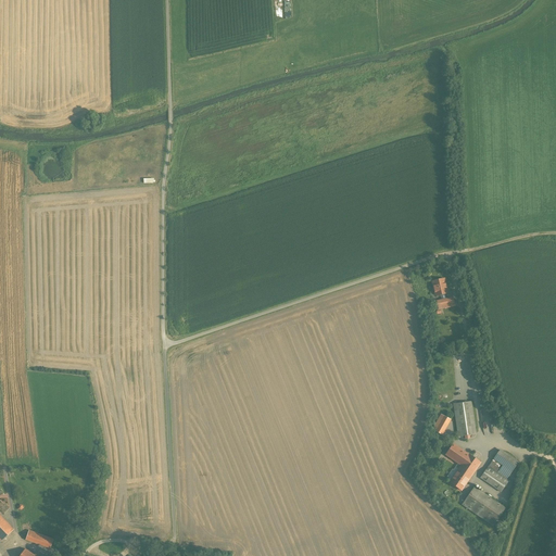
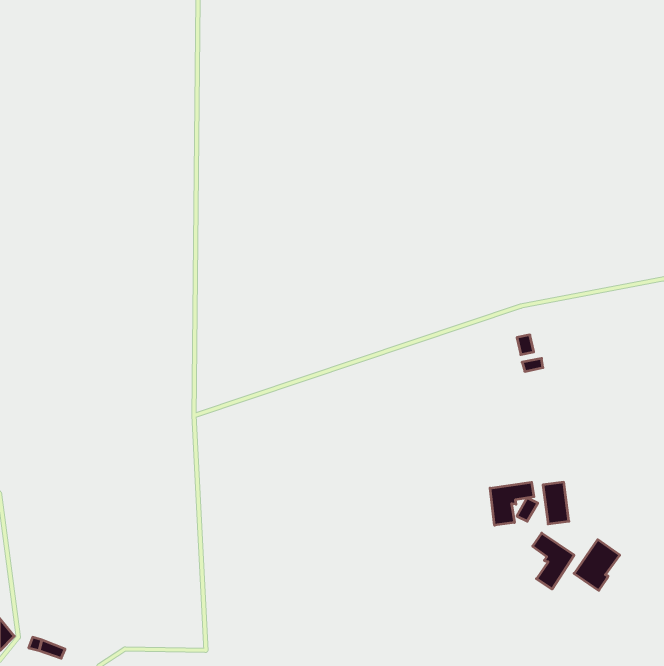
building: none -> [490,482,534,525]
building: [460,486,504,526] -> none

